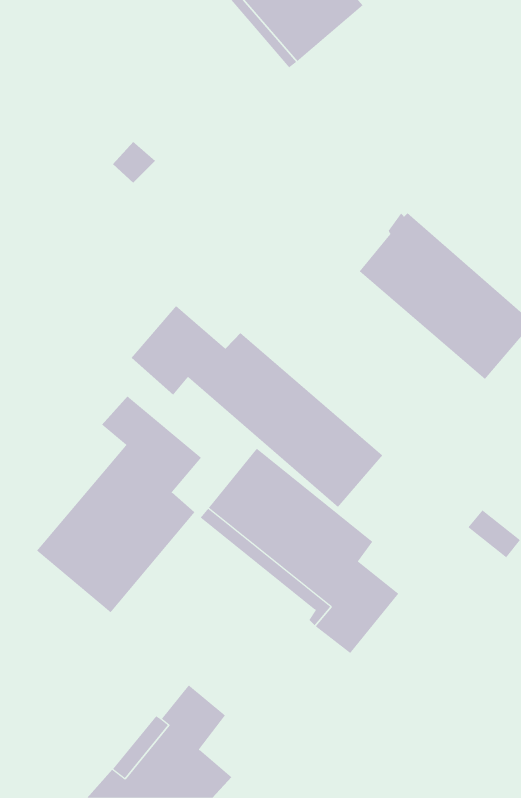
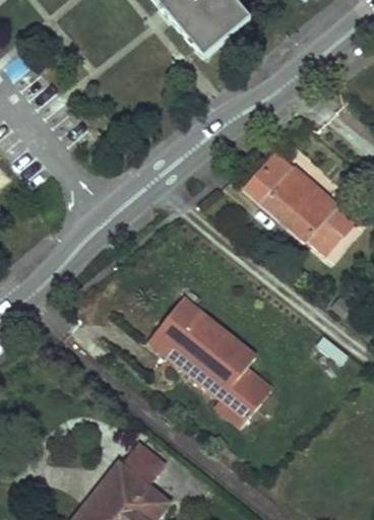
building: [131,305,383,508] -> none
building: [36,395,202,613] -> none

